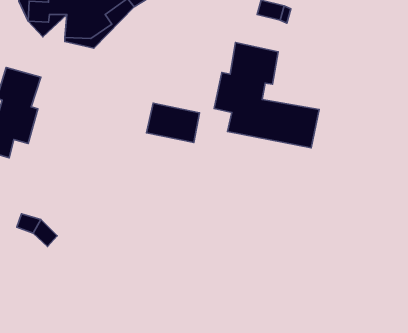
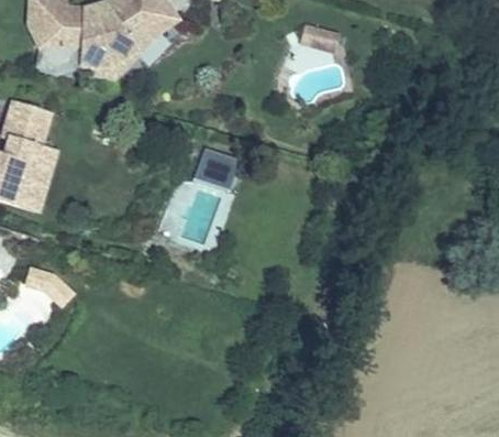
building: [214,43,319,148] -> none
building: none -> [16,145,58,209]

